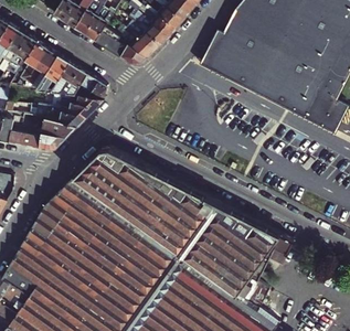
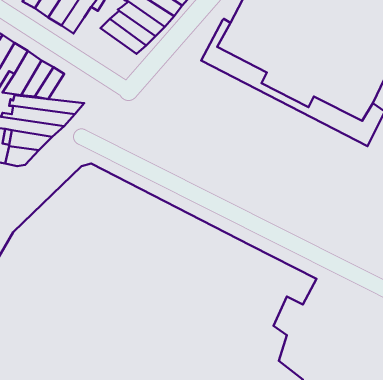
building: [95,28,147,64] -> none
building: [74,74,108,98] -> none

